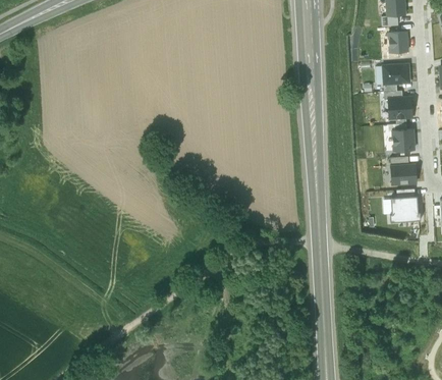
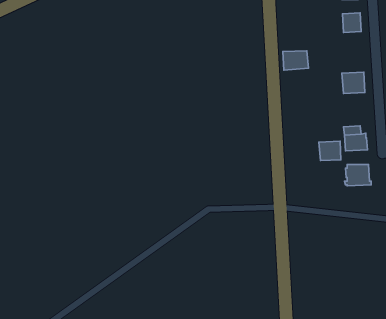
building: [382,63,410,85] -> [283,51,309,70]
building: [391,128,416,150] -> [319,141,341,161]

